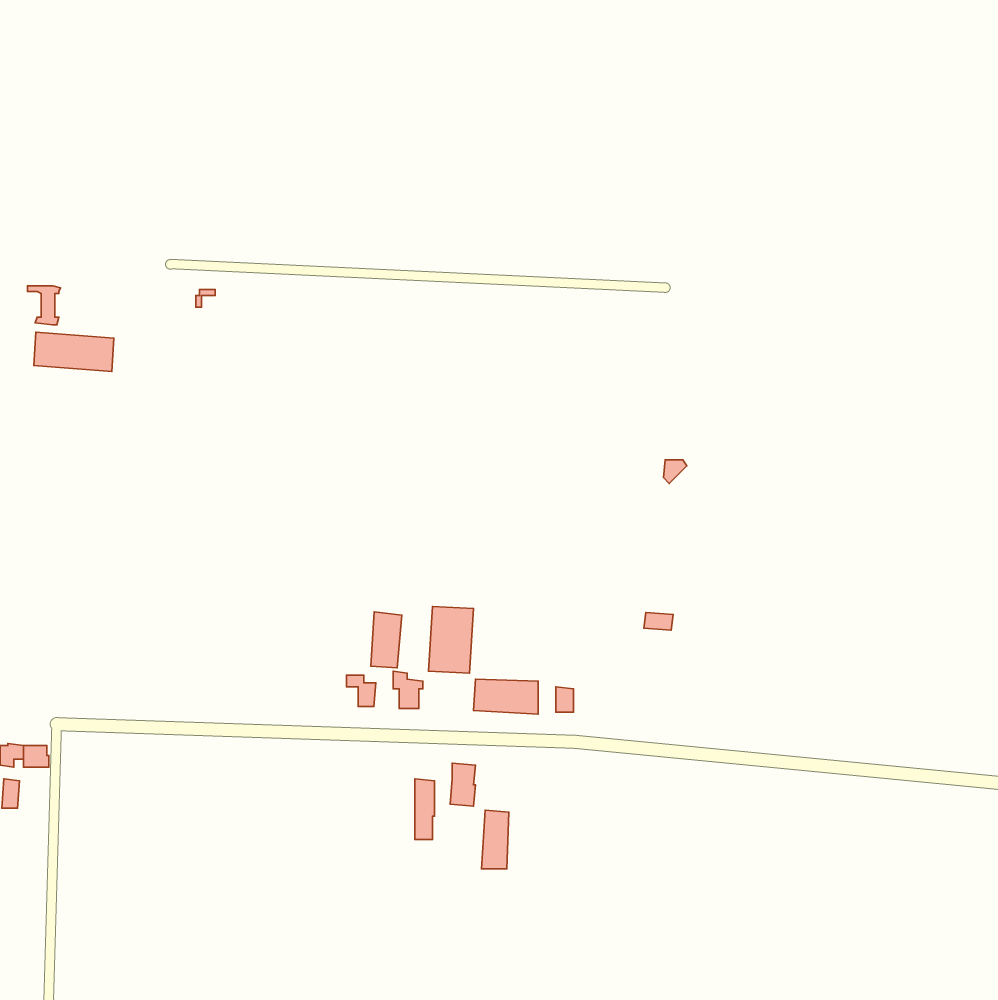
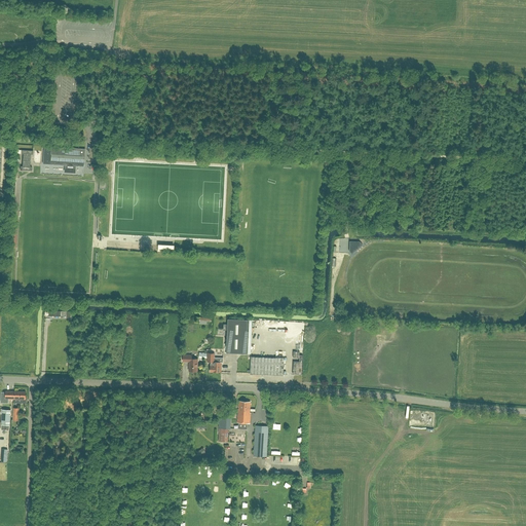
building: [34,332,114,371] -> [42,146,84,166]
building: [371,612,402,668] -> none

